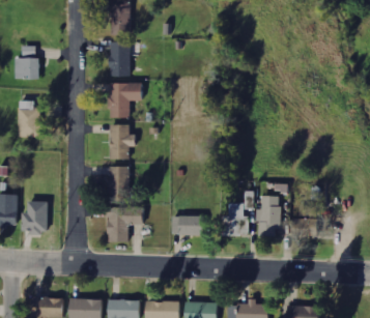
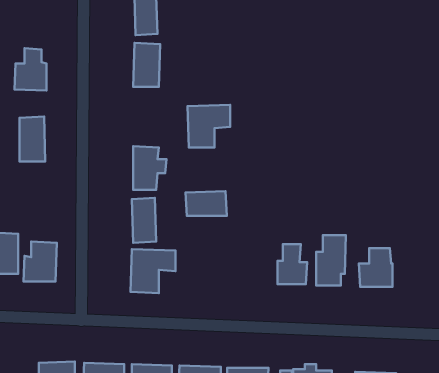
building: [108,83,142,117] -> [187,105,230,148]
building: [171,215,204,235] -> [186,191,227,216]

